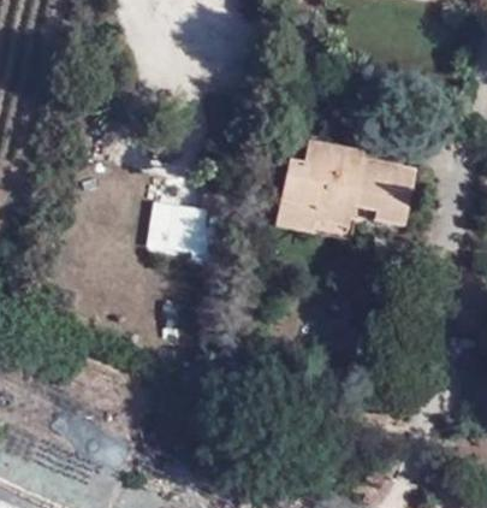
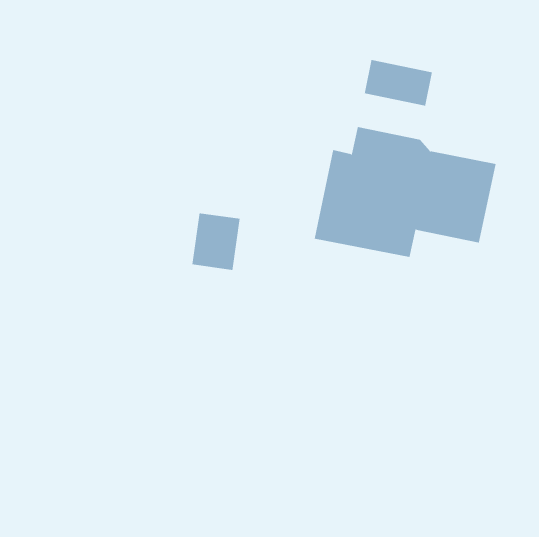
building: none -> [364,59,433,106]

